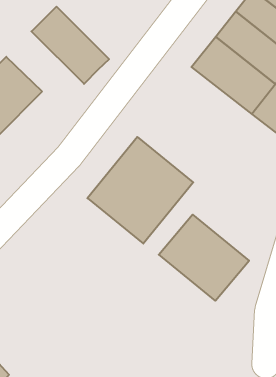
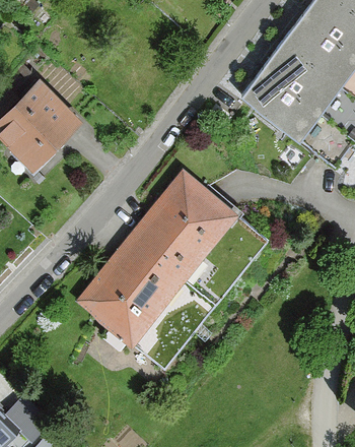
building: [31,7,109,84] -> none
building: none -> [73,235,187,349]
building: [159,215,249,301] -> none

